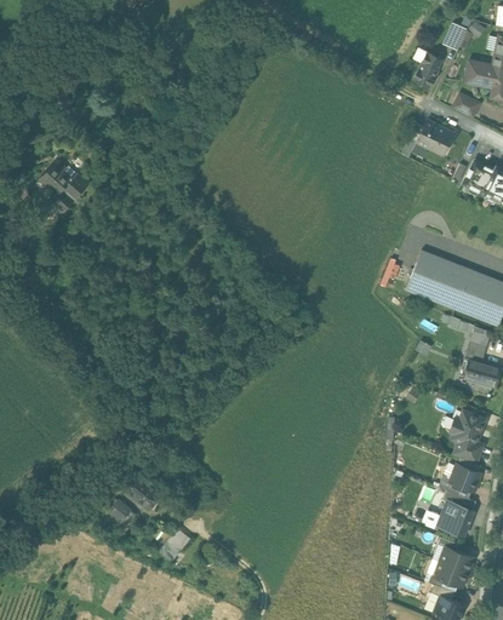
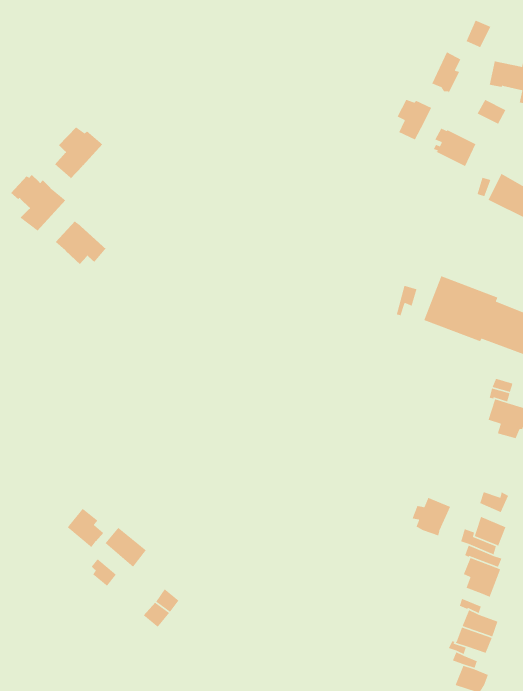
building: none -> [397,99,432,141]
building: none -> [54,127,103,180]
building: none -> [55,220,107,265]
building: [450,411,485,446] -> [411,497,451,536]
building: none -> [67,508,104,548]

